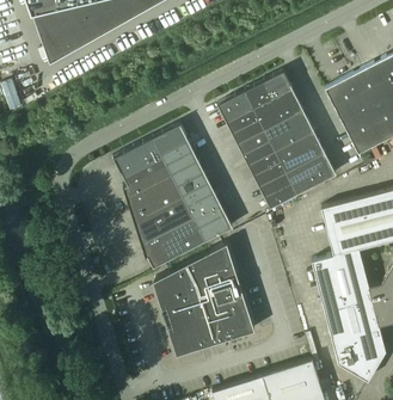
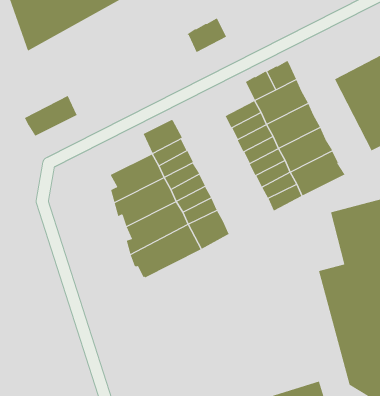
building: [217,92,253,123] -> [187,18,227,53]
building: [113,139,161,176] -> [24,95,77,136]
building: [155,244,254,350] -> none

